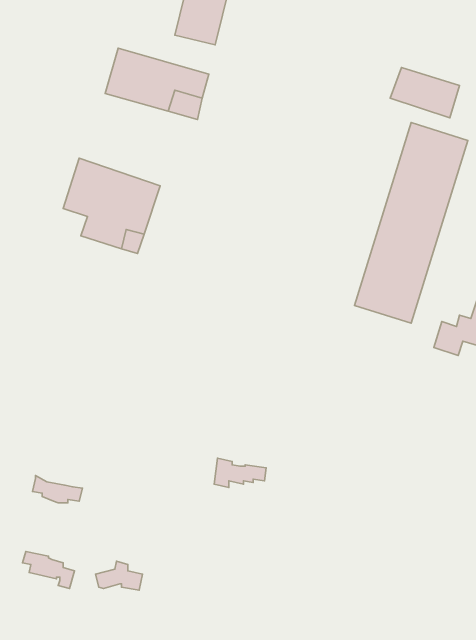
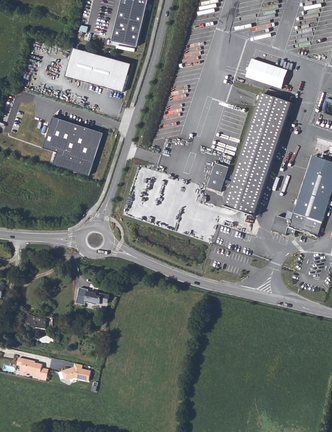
building: none -> [206,163,228,193]
building: [214,458,266,487] -> [77,286,109,304]

